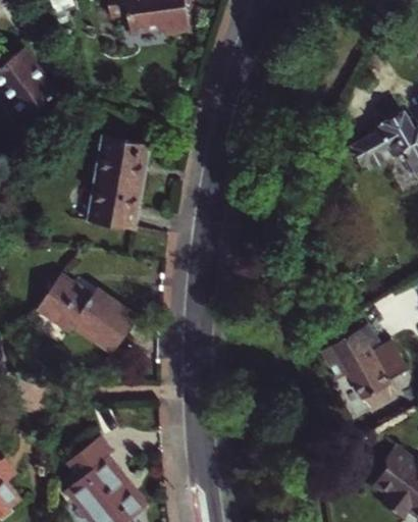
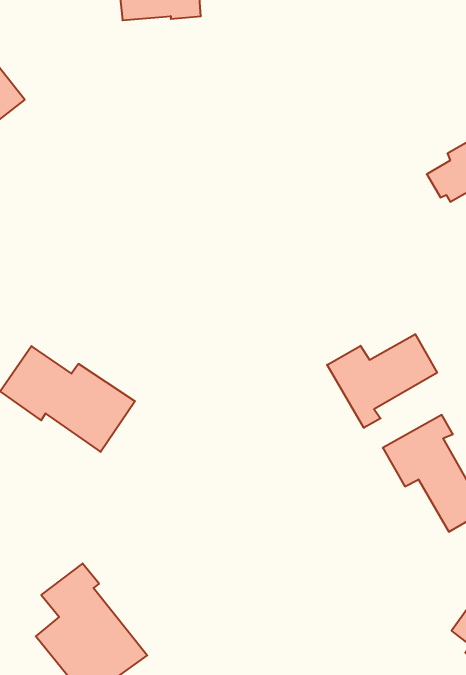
building: [88,135,151,231] -> none
building: none -> [327,334,437,428]

